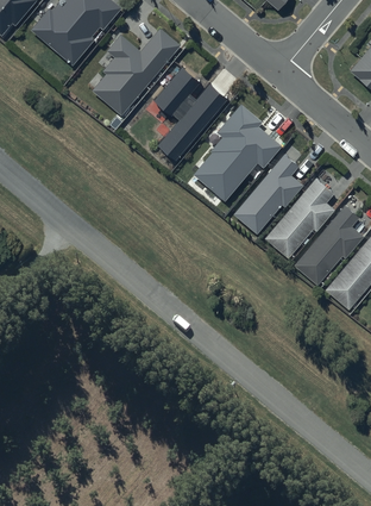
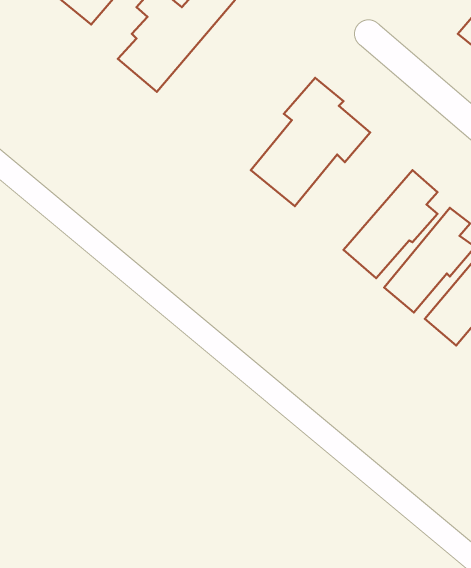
building: [157,69,229,162] -> none
building: [234,154,304,233] -> none

